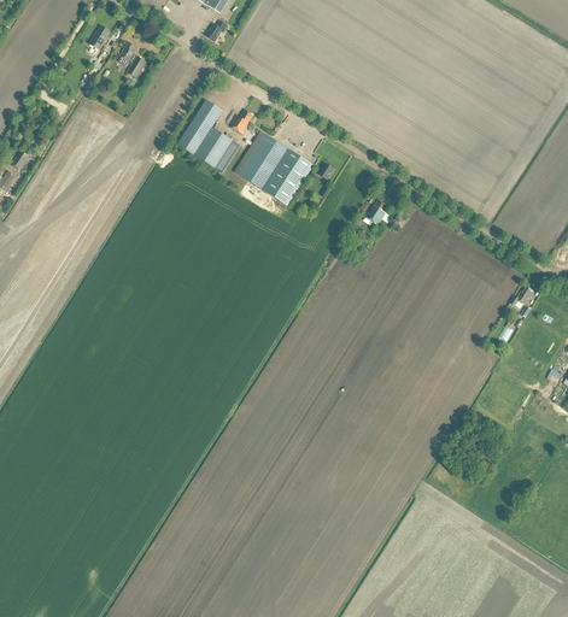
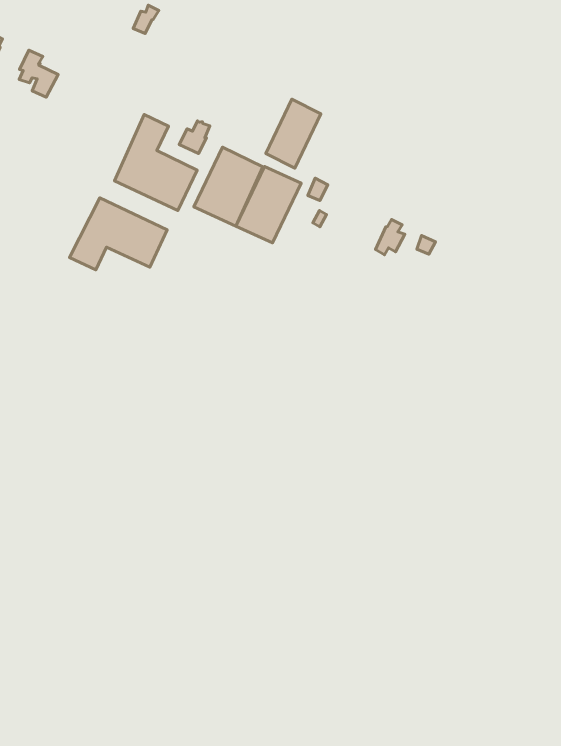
building: none -> [266,99,321,168]
building: none -> [69,198,167,270]

